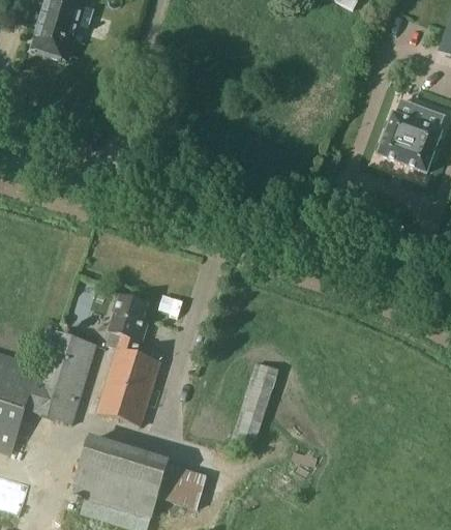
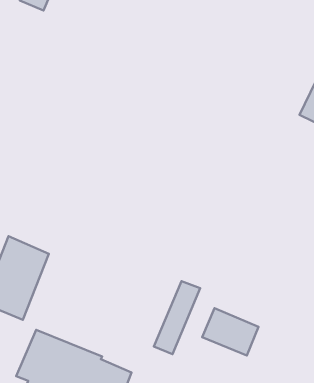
building: [95,295,161,426] -> none
building: none -> [202,308,259,355]

